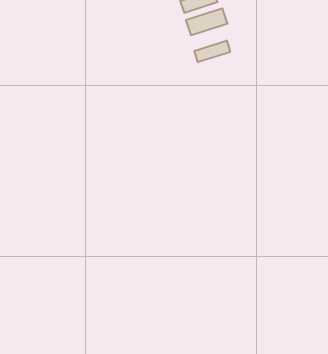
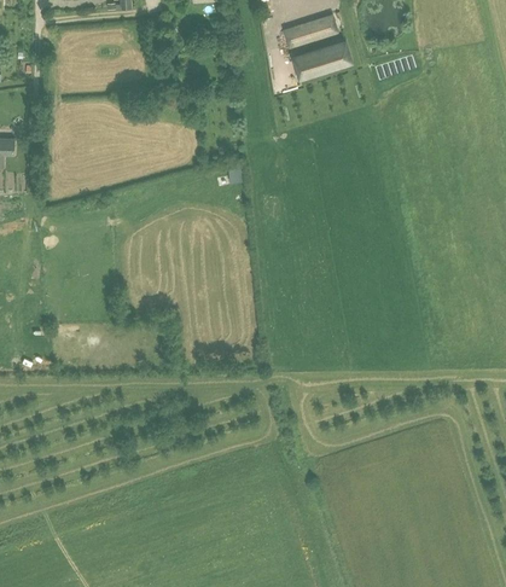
building: [195,40,230,62] -> none

